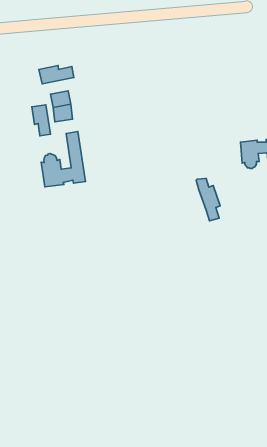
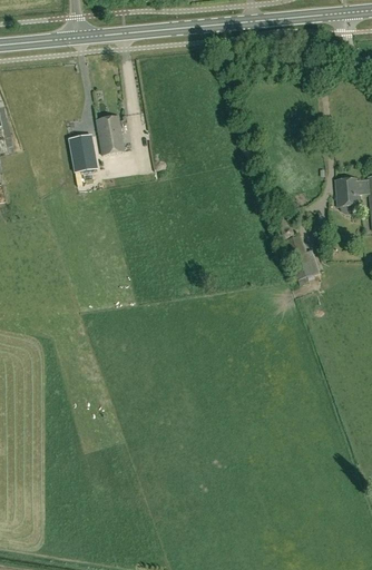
building: [39,66,74,84] -> none
building: [41,132,86,187] -> none

